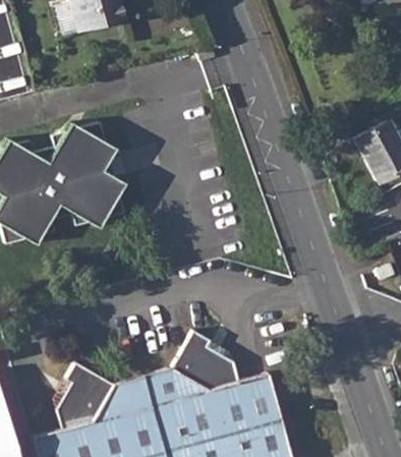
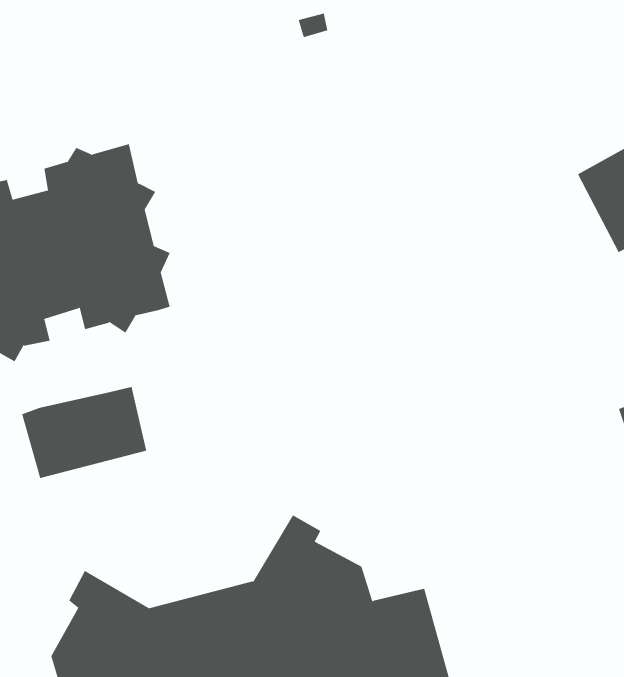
building: none -> [22,386,147,479]

